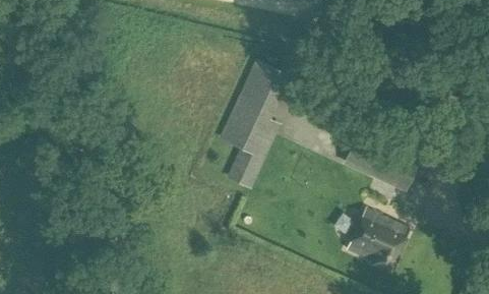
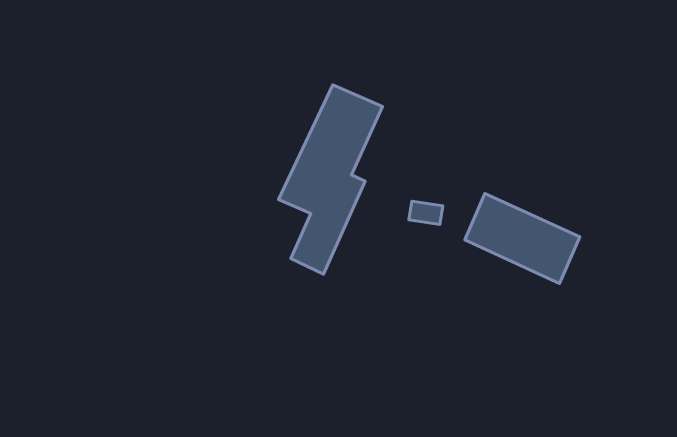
building: [345,208,408,271] -> none

